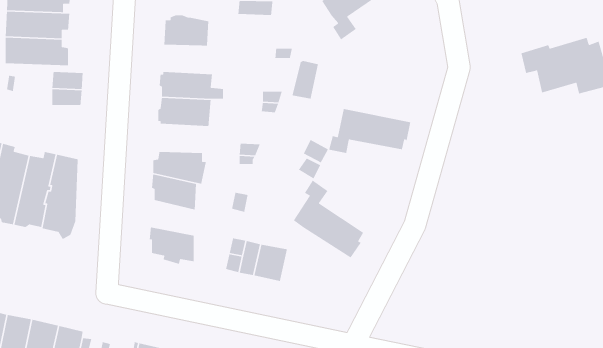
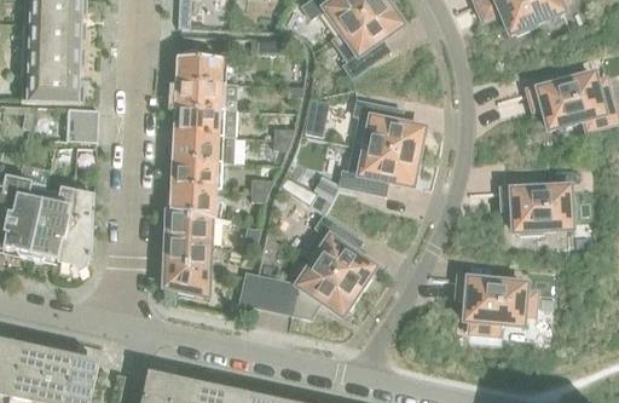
building: none -> [174,81,237,109]
building: none -> [354,99,426,156]
building: none -> [170,159,222,186]
building: none -> [502,185,575,232]
building: none -> [164,234,209,267]
building: none -> [293,260,361,317]
building: none -> [457,275,536,333]

